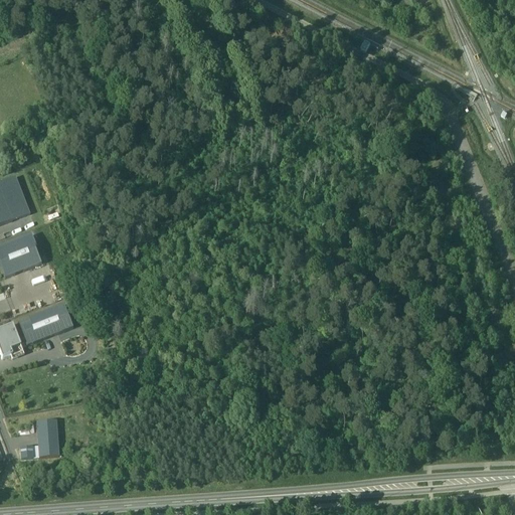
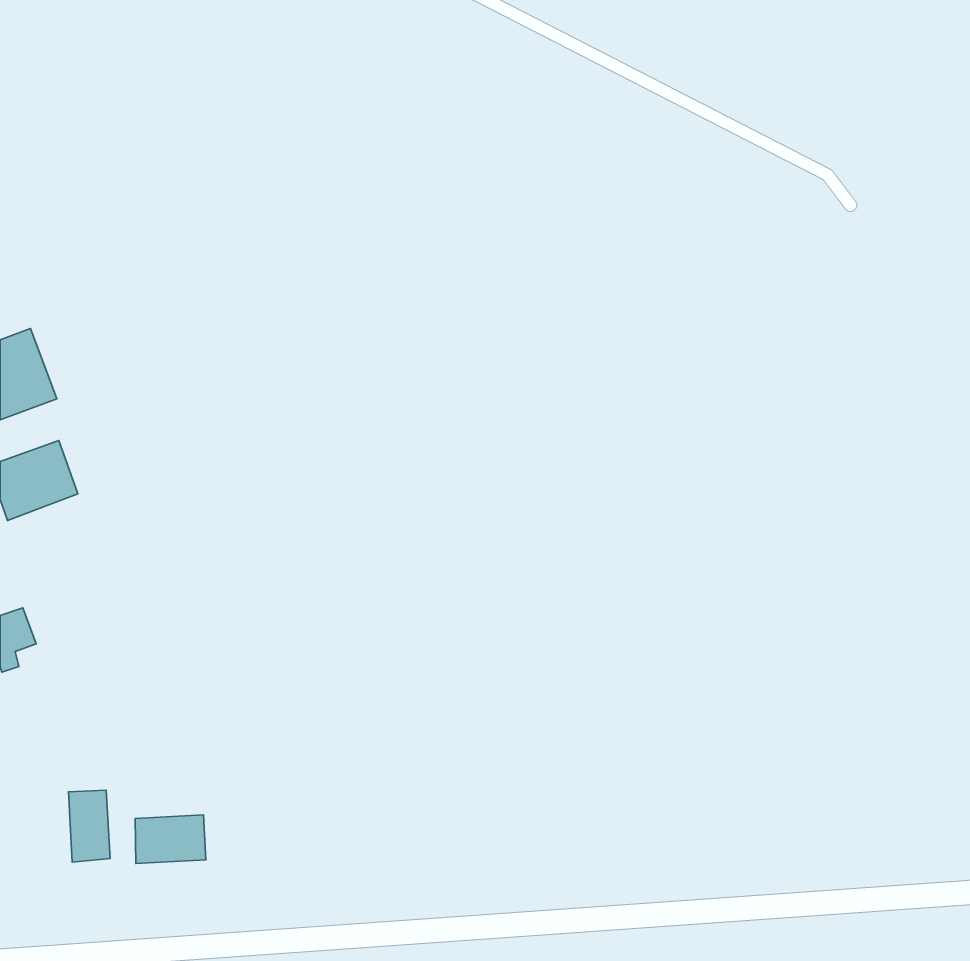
building: [18,303,73,344] -> none
building: none -> [135,815,206,864]

